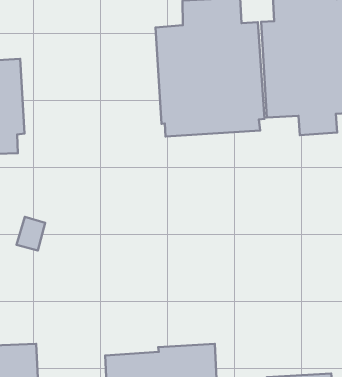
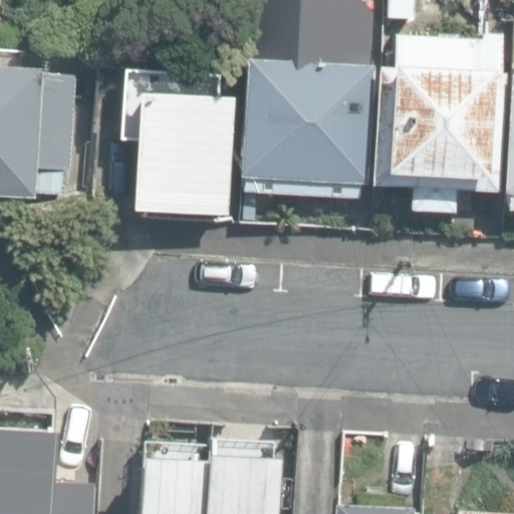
building: none -> [130,87,237,220]

